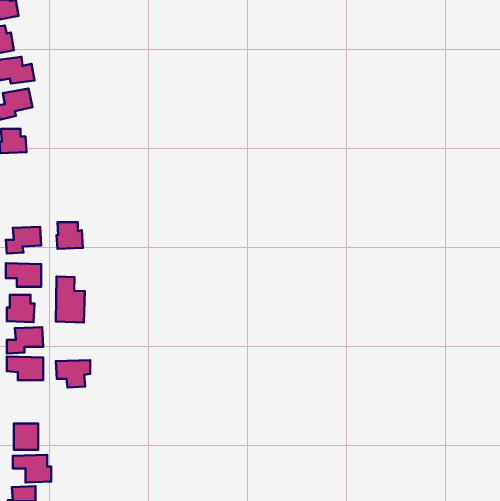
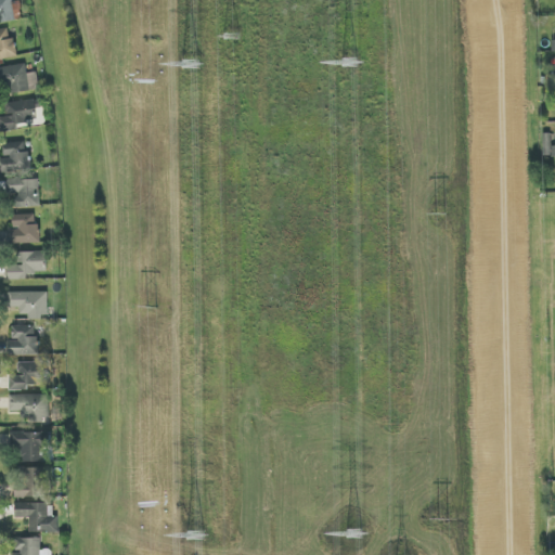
building: none -> [5,178,38,207]
building: [56,222,83,249] -> [10,214,39,243]
building: [56,276,85,323] -> none
building: [56,360,90,388] -> [9,431,47,462]

